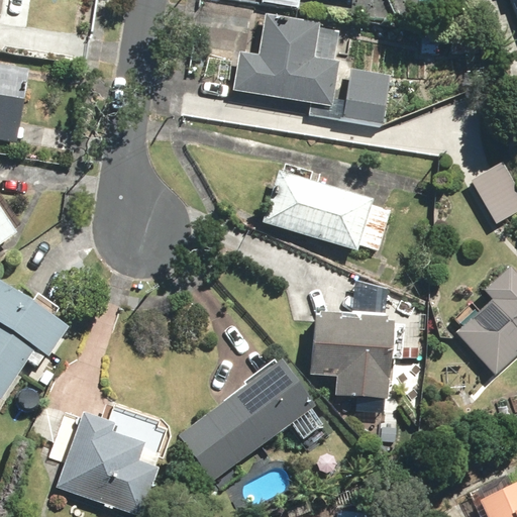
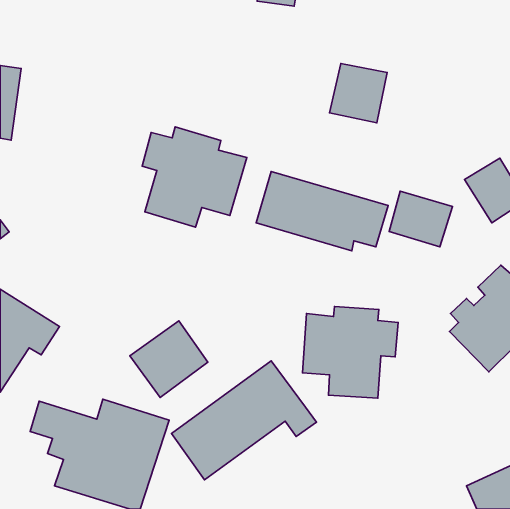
building: [233,14,334,106] -> none
building: none -> [142,127,247,227]
building: none -> [389,191,452,247]
building: none -> [130,321,208,398]

